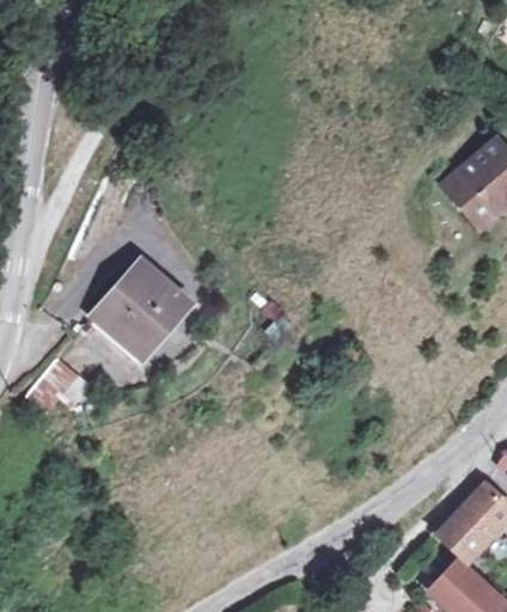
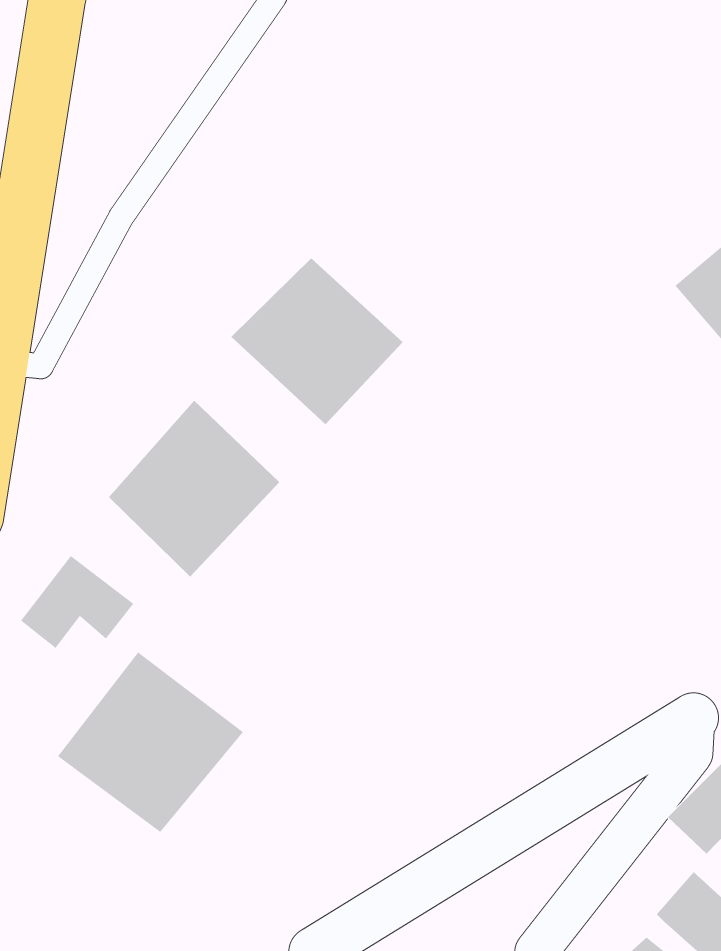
building: none -> [231,258,404,425]
building: none -> [57,652,244,833]

